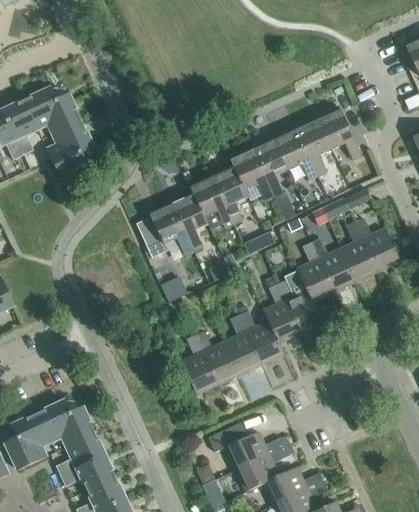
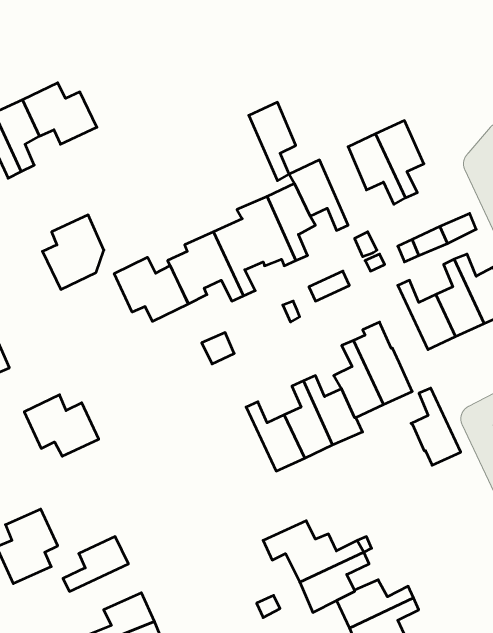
building: [317,106,362,160] -> none
building: [47,121,94,178] -> [42,215,104,289]
building: [252,136,288,196] -> [249,102,296,181]
building: none -> [114,257,188,321]
building: [297,242,335,301] -> [411,388,461,465]
building: [181,335,219,394] -> none
building: [39,400,96,447] -> [24,395,99,456]
building: [61,455,116,490] -> none

